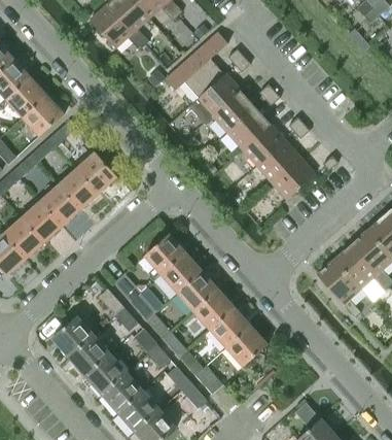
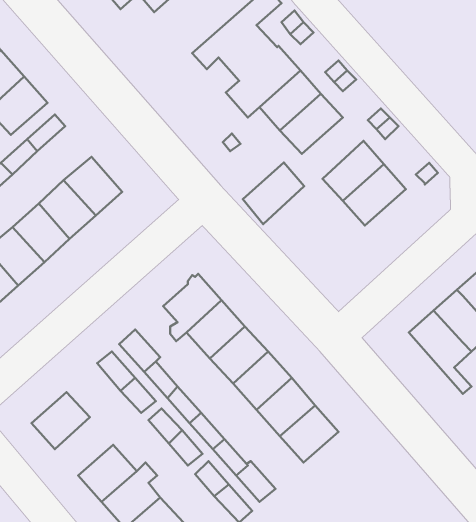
building: [242,124,285,167] -> [243,163,304,224]
building: [68,335,109,376] -> none

